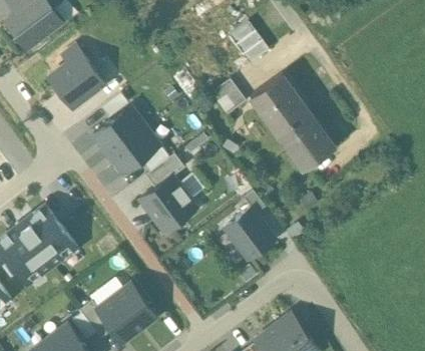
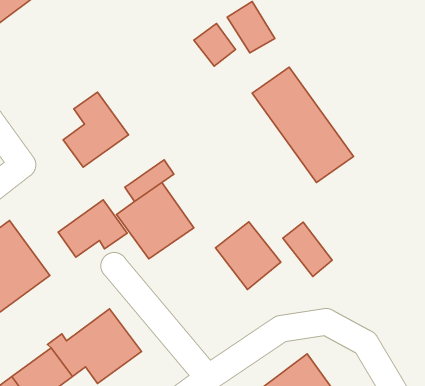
building: [53,43,106,103] -> none
building: [209,79,245,115] -> [194,23,235,66]
building: [107,131,165,180] -> [58,200,127,257]
building: none -> [283,222,332,276]

